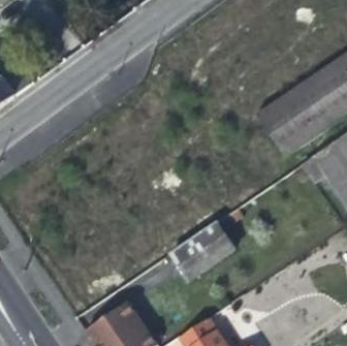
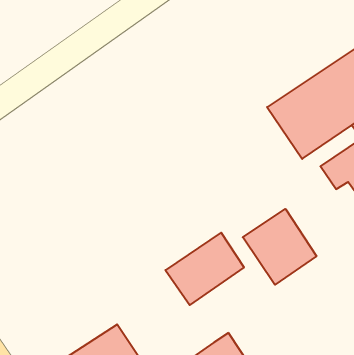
building: none -> [243,209,316,285]

